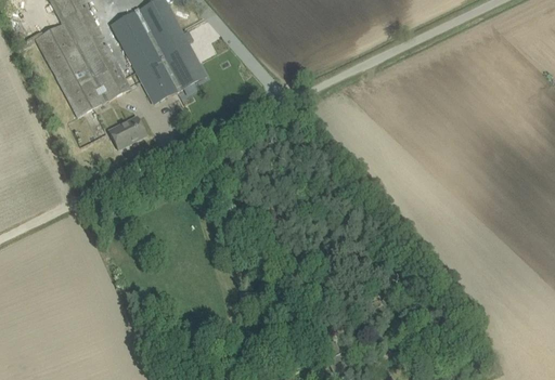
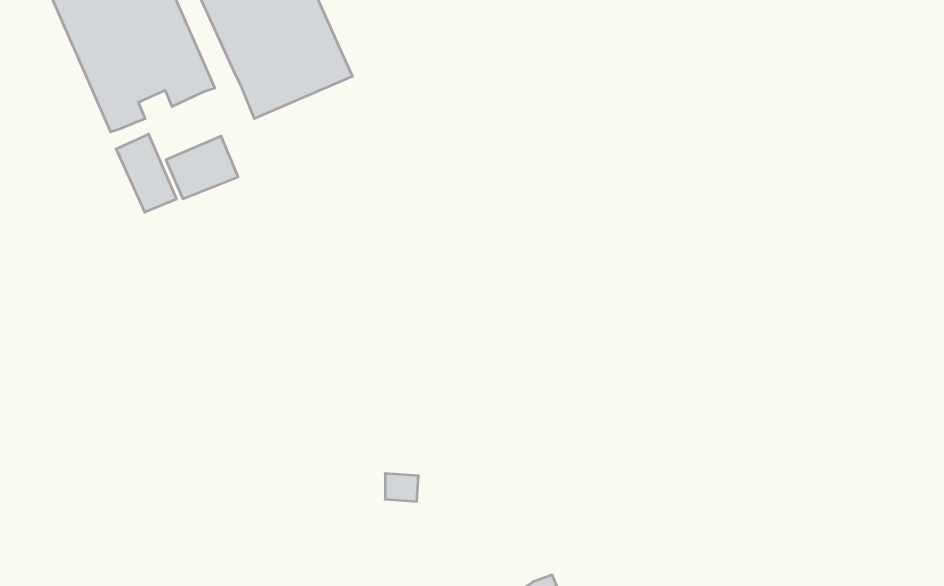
building: none -> [116,134,176,212]

